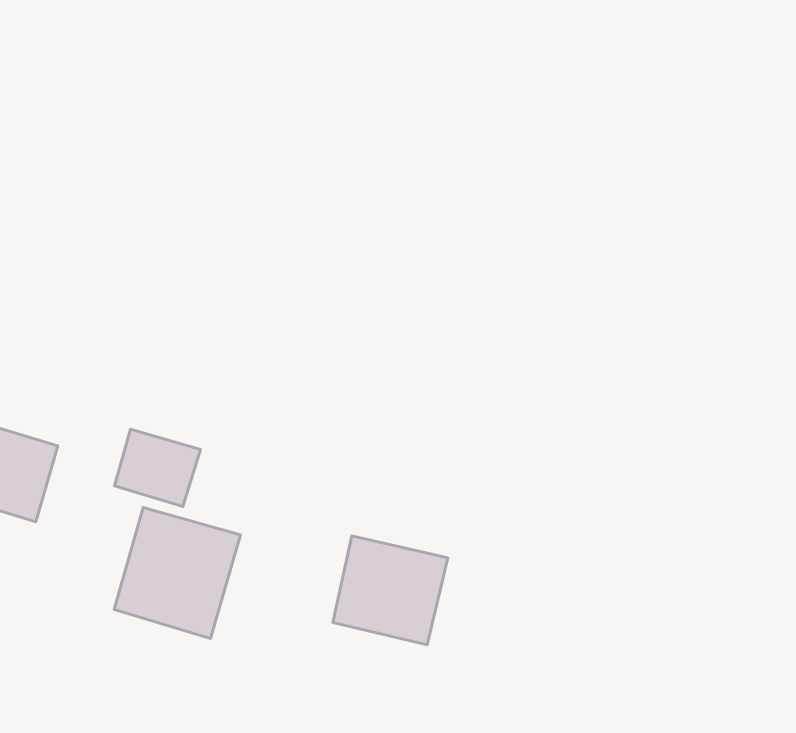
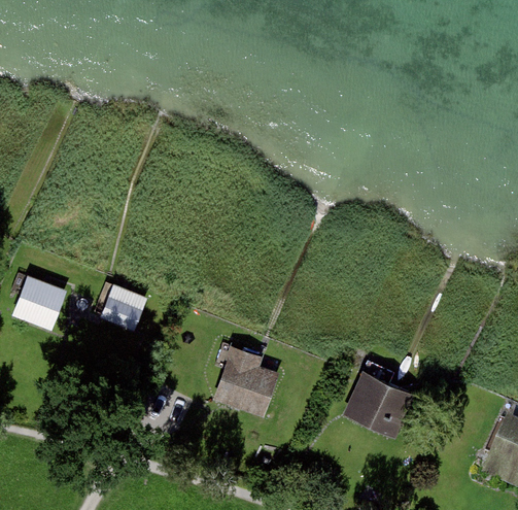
building: [114,508,241,638] -> none
building: none -> [342,368,415,436]

